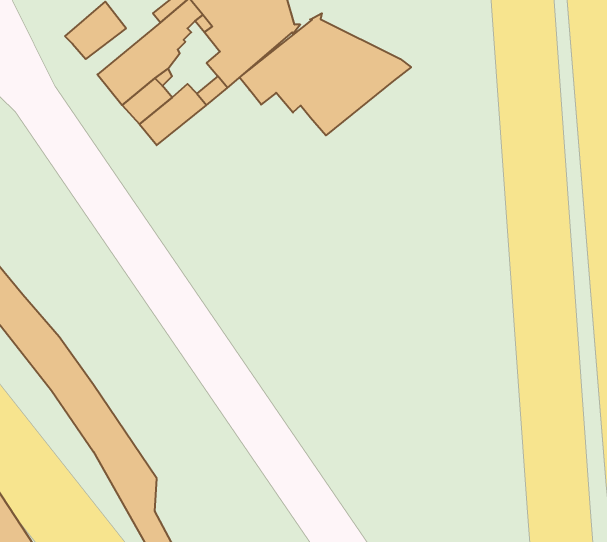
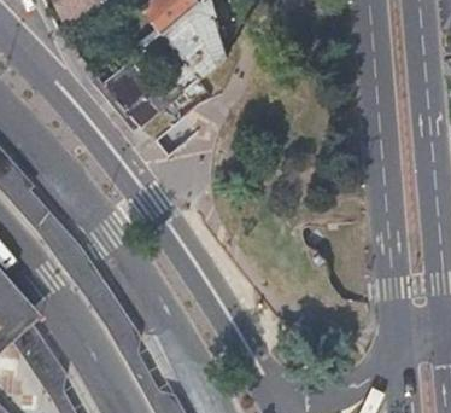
building: [239,13,411,135] -> none

